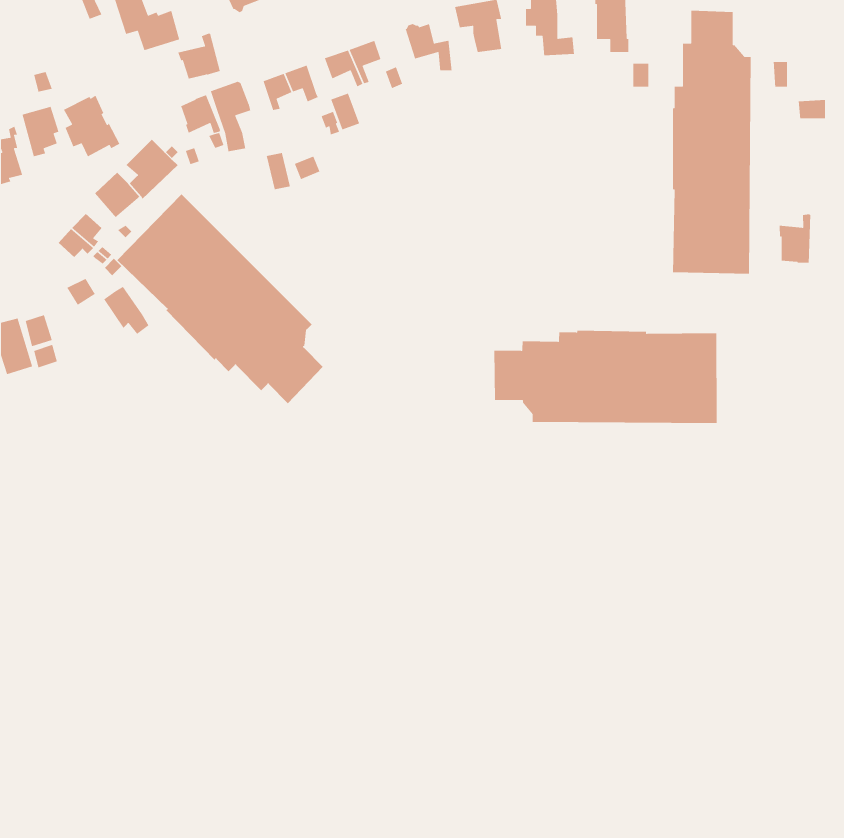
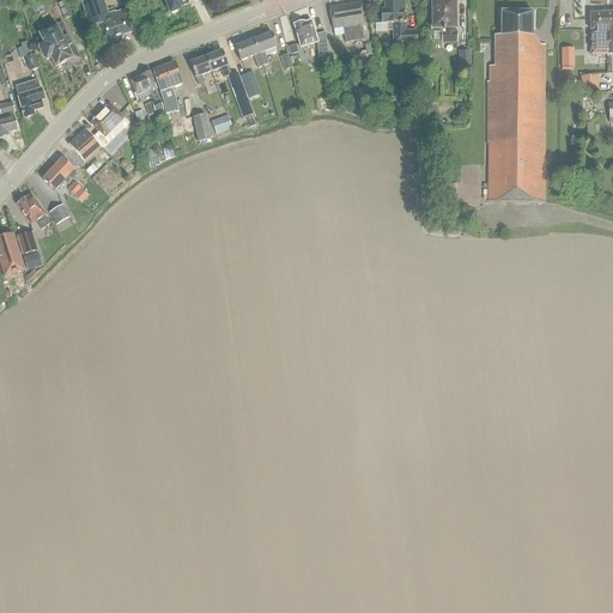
building: none -> [590,8,607,50]
building: [177,33,221,80] -> none
building: [63,95,121,157] -> [38,19,80,65]
building: [116,194,323,404] -> none
building: [779,213,811,263] -> none
building: [103,286,149,336] -> [17,190,50,226]
building: [493,330,717,424] -> none

